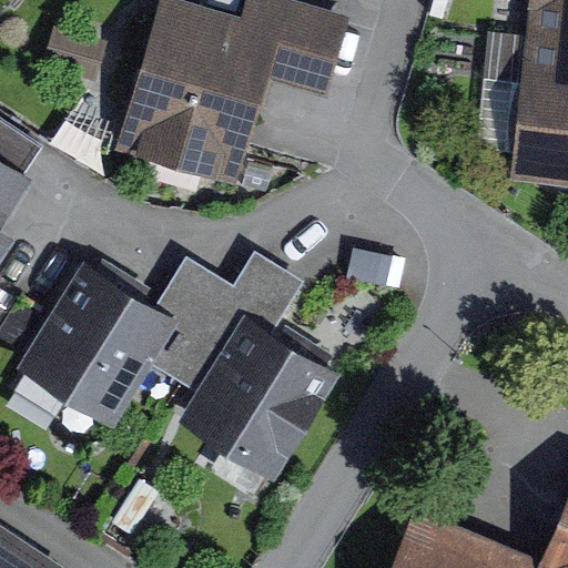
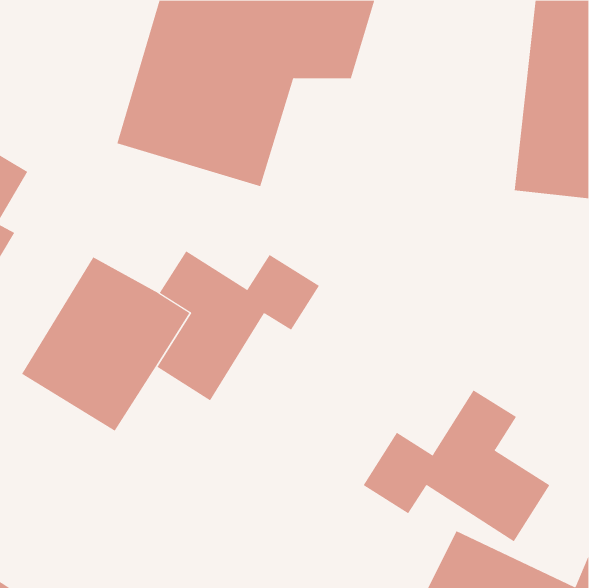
building: [180,308,346,477] -> none
building: none -> [363,389,550,542]

